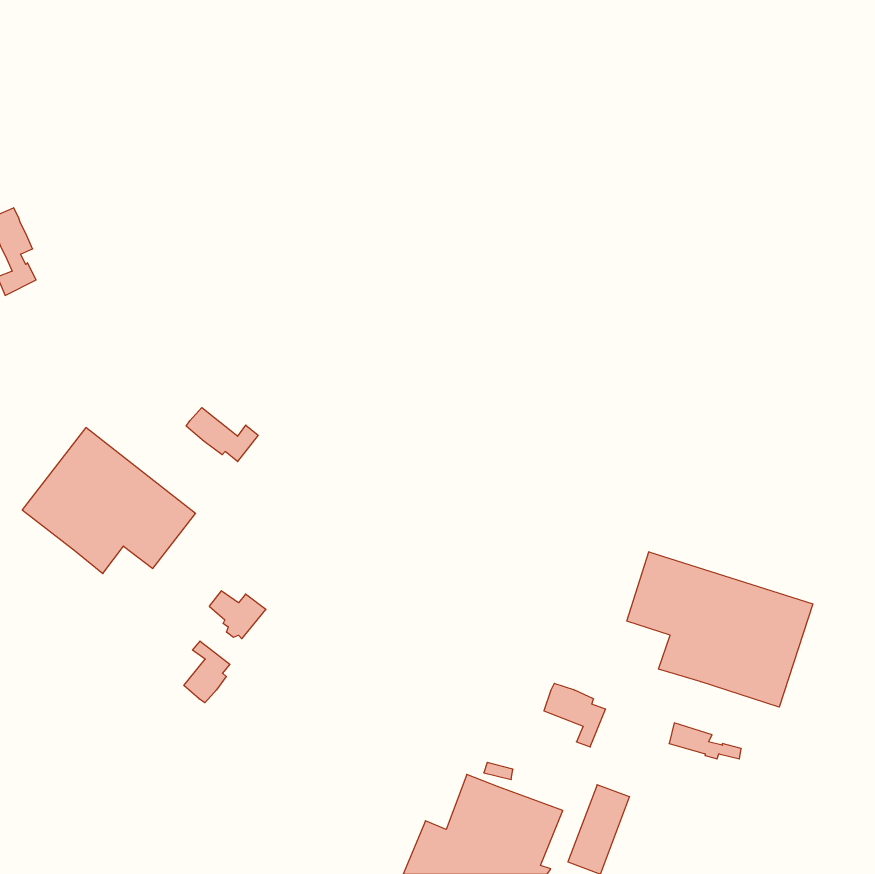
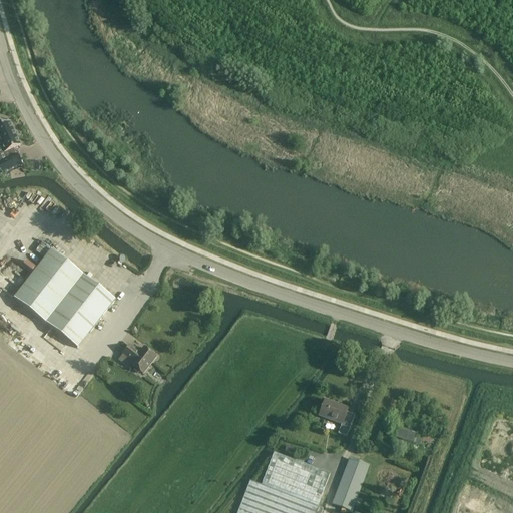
building: [186,408,258,462] -> none
building: [627,552,813,707] -> none
building: [184,641,230,703] -> none

